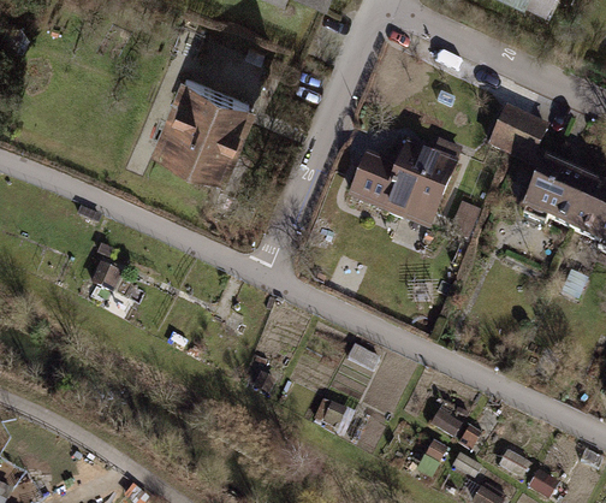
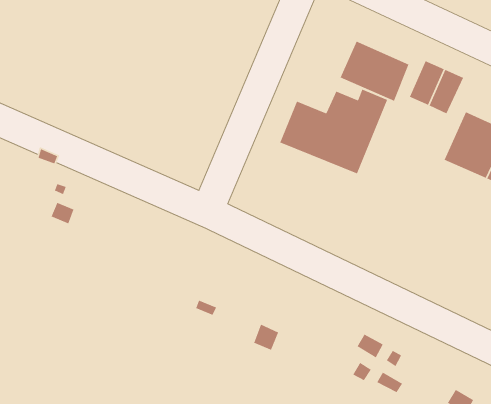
building: [152,72,254,179] -> none
building: none -> [339,40,410,102]

